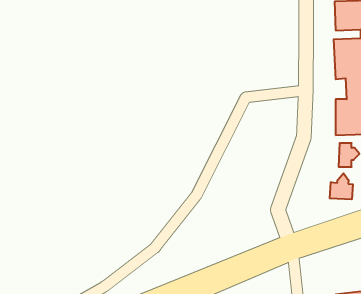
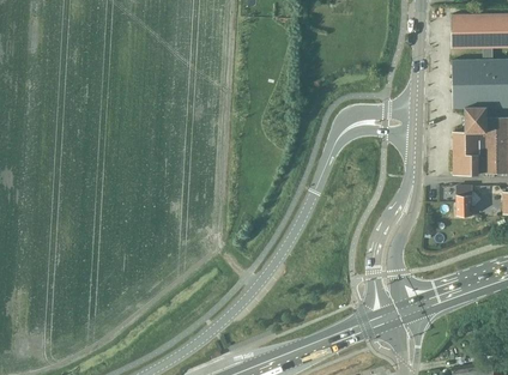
building: [330,173,353,199] -> none

